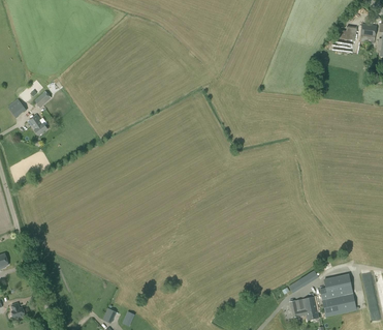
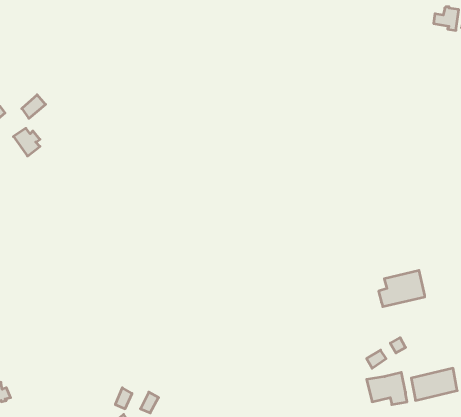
building: [319,273,353,300] -> [379,270,425,307]

